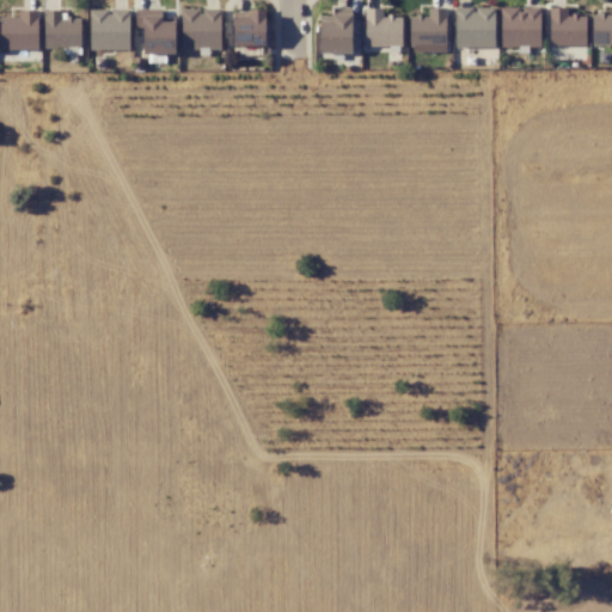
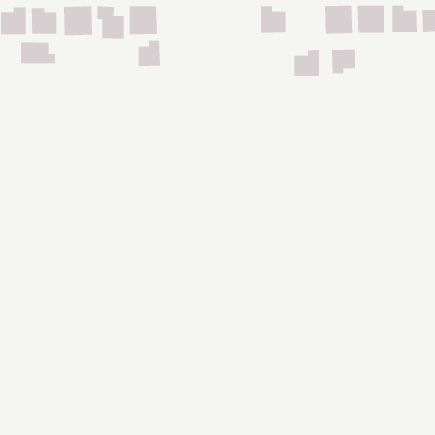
building: [320,7,353,54] -> none
building: [410,8,447,47] -> [293,49,320,77]
building: [234,10,267,47] -> [138,40,161,67]
building: none -> [21,42,56,64]
building: none -> [331,49,356,74]

